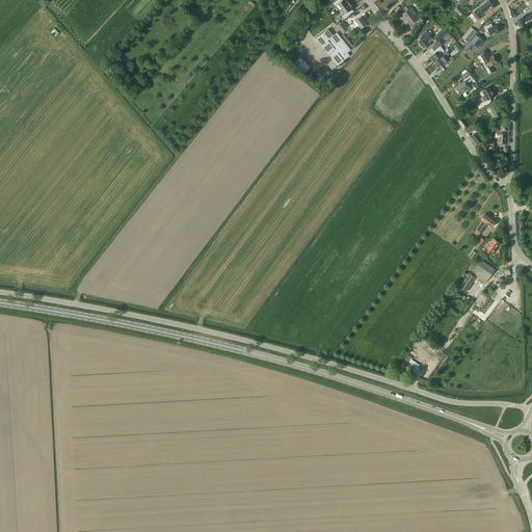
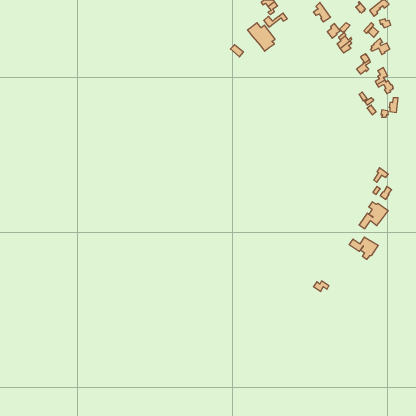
building: none -> [349,237,378,259]

